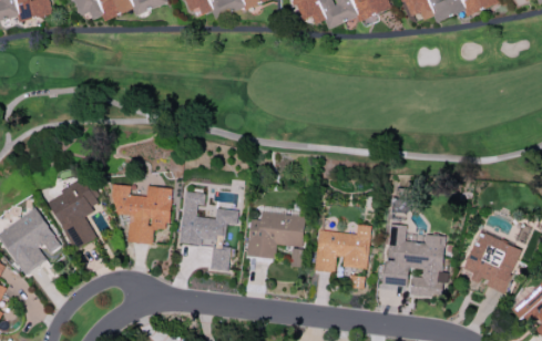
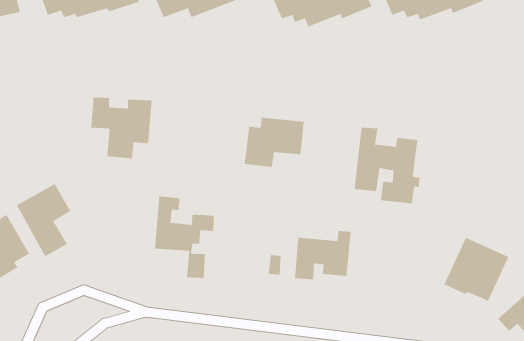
building: [111,184,171,244] -> [90,97,152,159]
building: [246,209,305,258] -> [244,117,305,168]
building: [384,224,448,298] -> [354,127,421,204]

